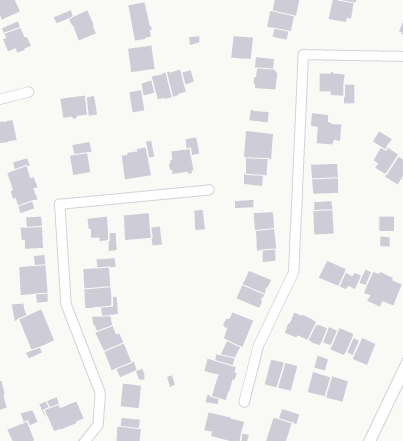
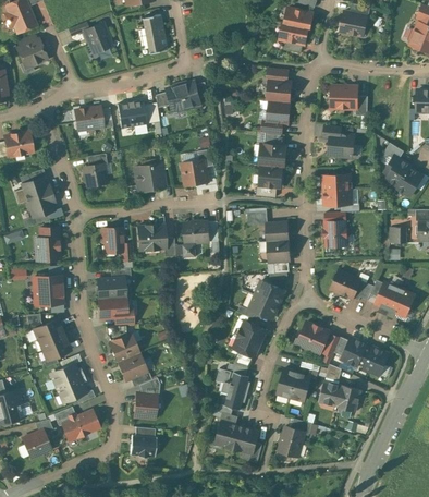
building: [231,36,254,59] -> [267,101,290,124]
building: [127,45,156,73] -> [118,101,146,129]
building: none -> [184,222,208,243]
building: none -> [52,364,86,402]

